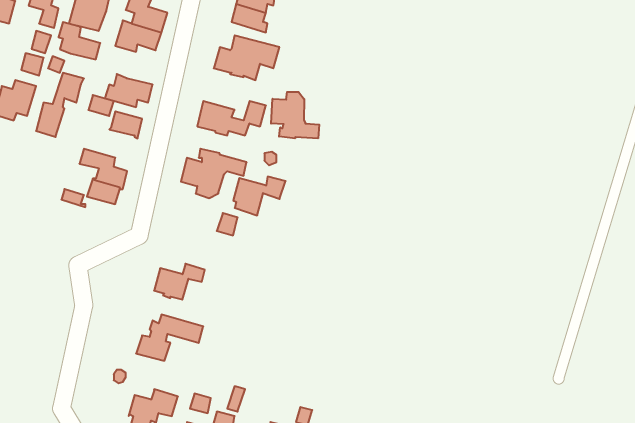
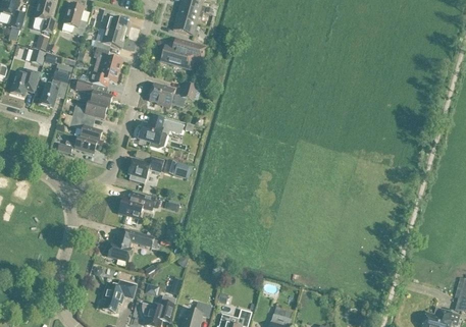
building: [58,22,100,59] -> [94,48,122,73]
building: [271,92,319,138] -> none
building: none -> [72,102,107,123]
building: [233,177,286,215] -> [128,159,164,185]

